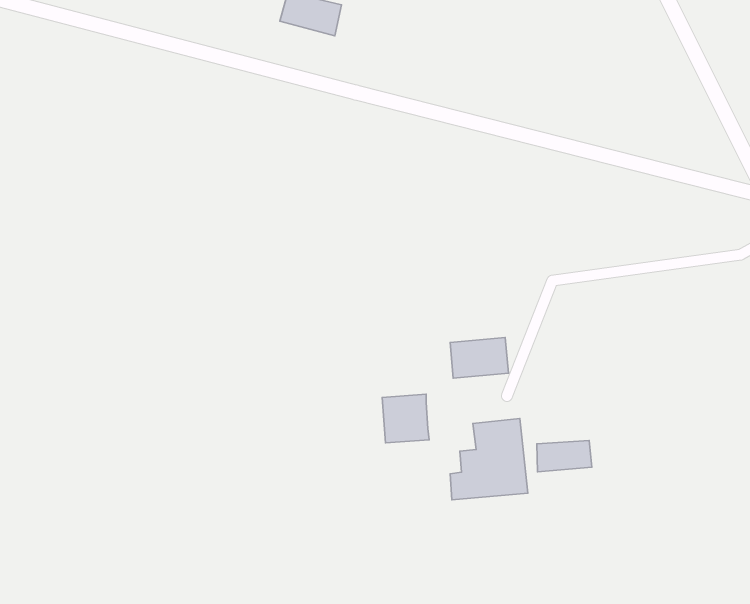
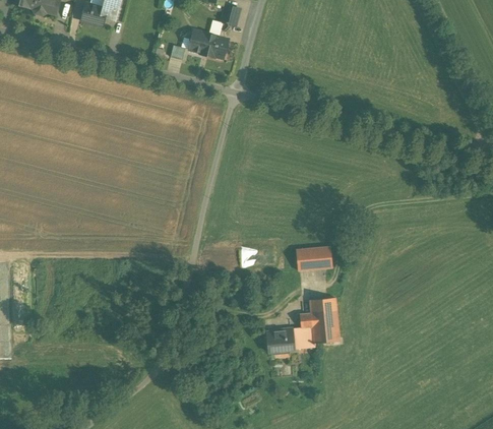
building: [382,394,429,443] -> [267,325,297,356]
building: [537,440,592,472] -> none

